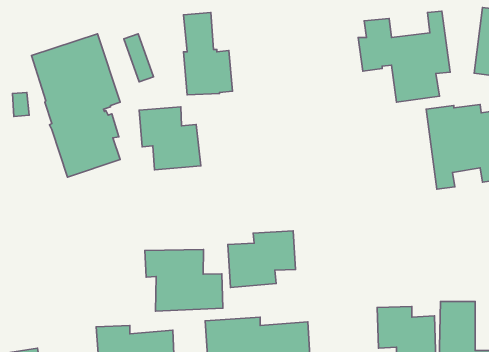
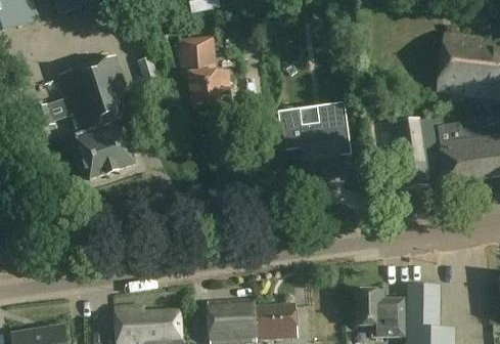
building: [358,11,450,102] -> [273,101,352,179]
building: [139,107,201,170] -> none
building: [228,231,296,288] -> none
building: [145,249,223,311] -> none

